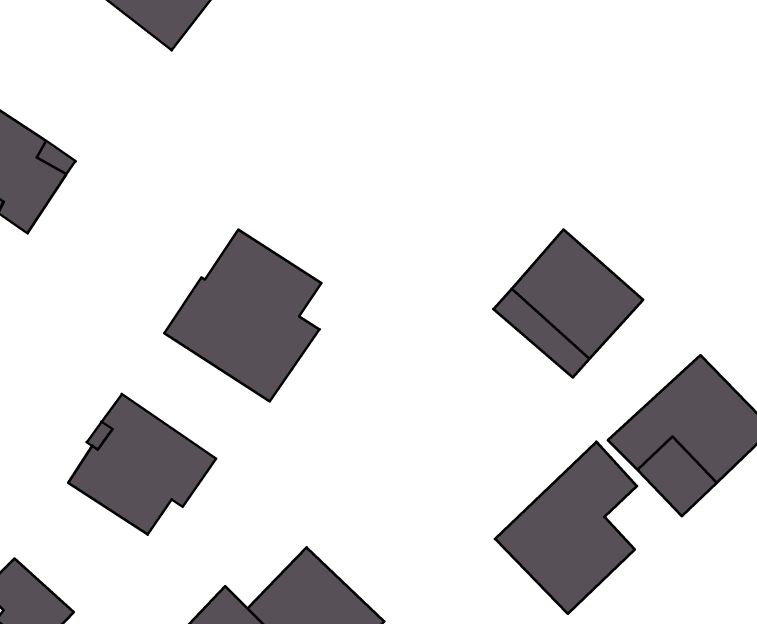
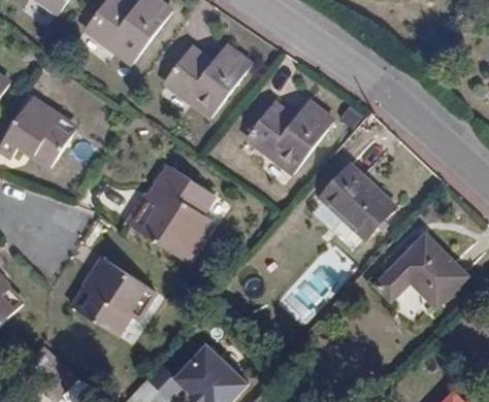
building: none -> [162,44,251,119]
building: none -> [246,100,335,174]
building: [495,442,637,614] -> none

